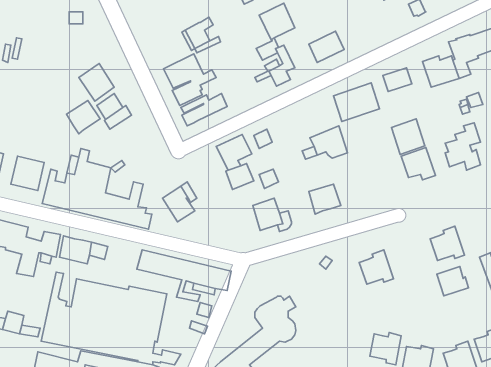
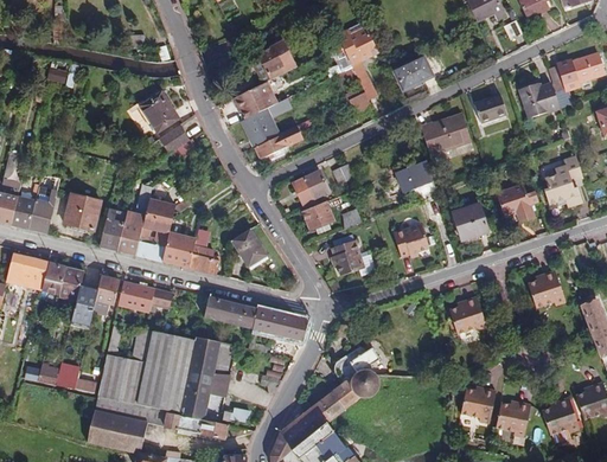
building: [66,101,100,134] -> none
building: [391,119,425,154] -> [451,203,487,242]
building: [437,266,469,296] -> none

